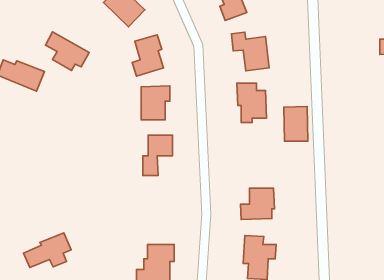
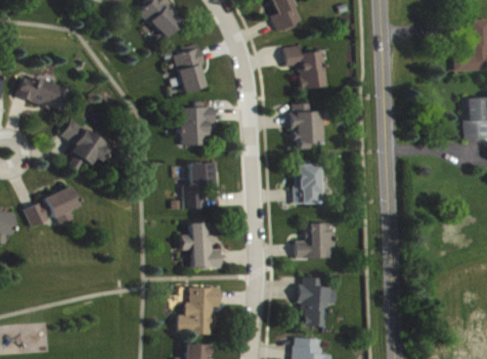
building: [45,32,89,70] -> [61,121,112,165]
building: [284,106,308,141] -> [294,164,321,204]
building: none -> [181,222,220,268]
building: [24,233,71,268] -> [25,186,79,226]

